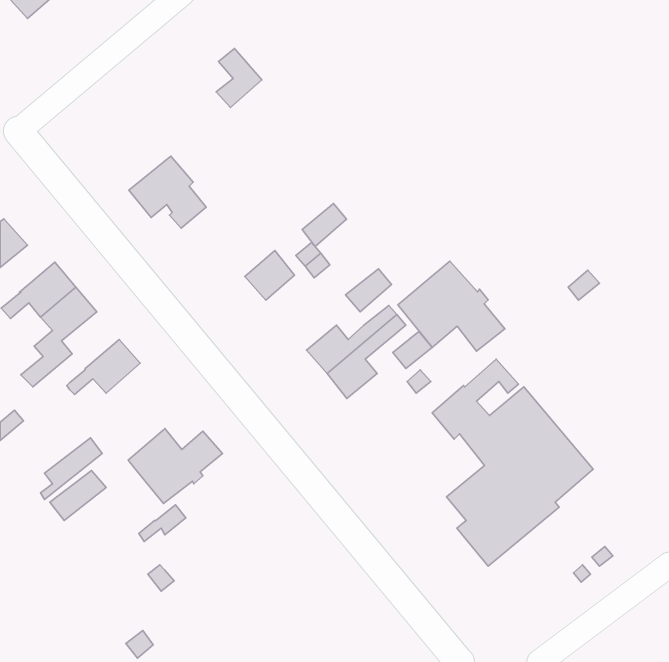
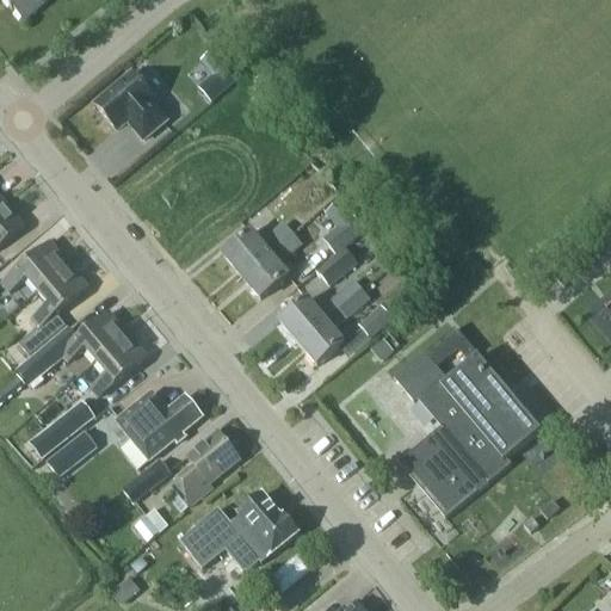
building: [129,156,206,228] -> [95,70,166,136]
building: [302,203,347,247] -> [323,214,364,253]
building: [398,261,505,351] -> none
building: none -> [242,251,288,296]
building: none -> [17,323,78,383]
building: none -> [91,331,147,395]
building: none -> [175,430,239,506]
building: none -> [179,490,298,567]

